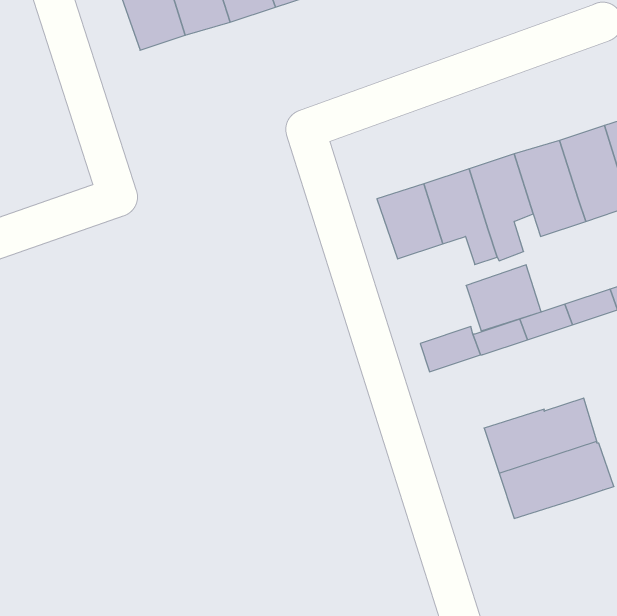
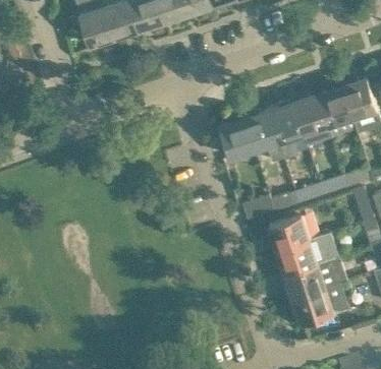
building: [466,265,541,331] -> [271,212,312,248]
building: none -> [295,287,336,322]

